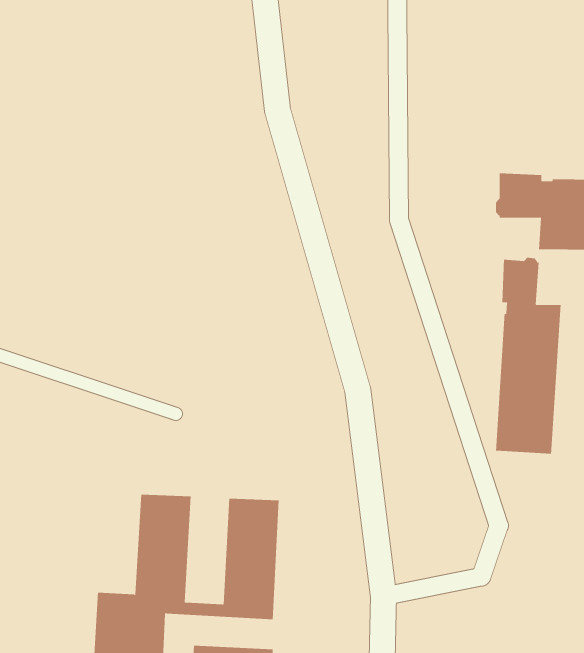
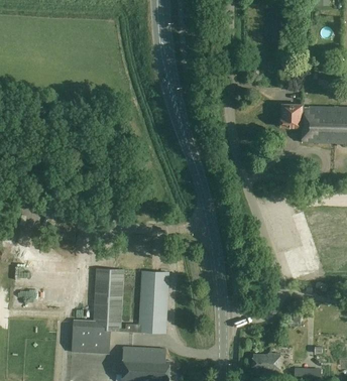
building: [496,257,561,454] -> none

